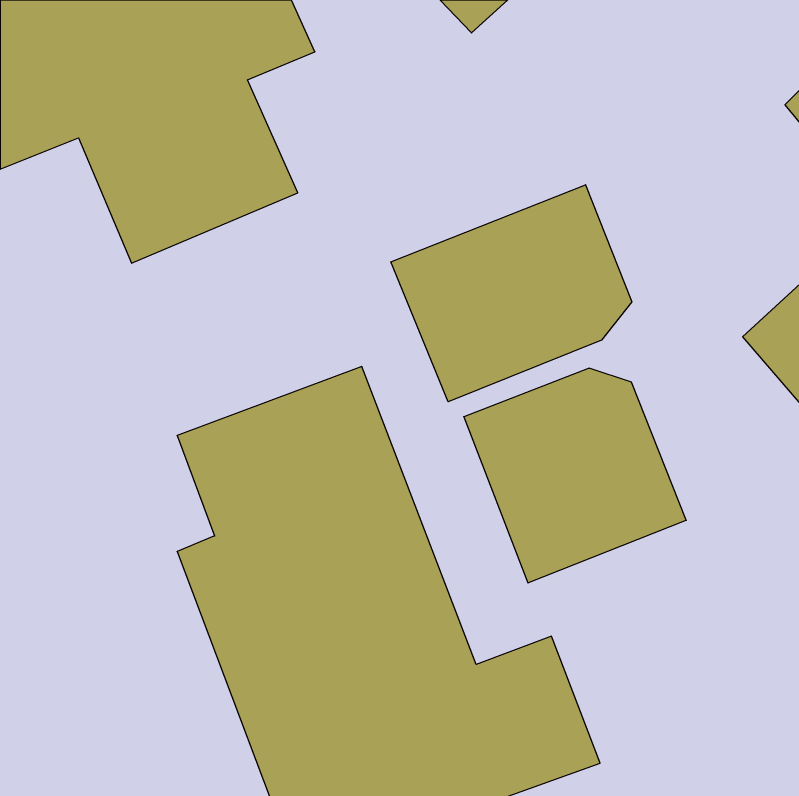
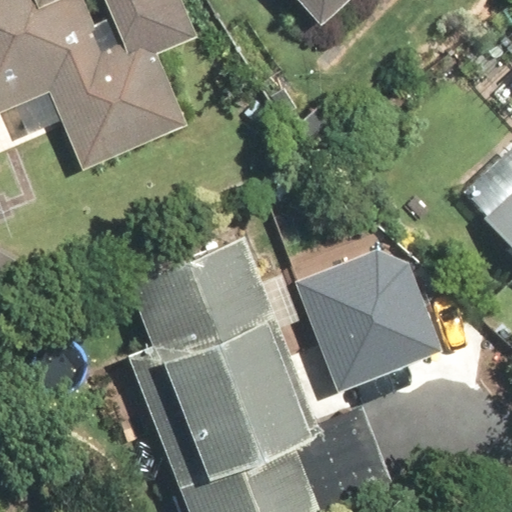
building: [391,185,632,402] -> none

